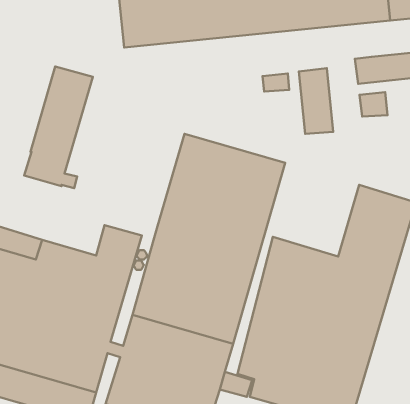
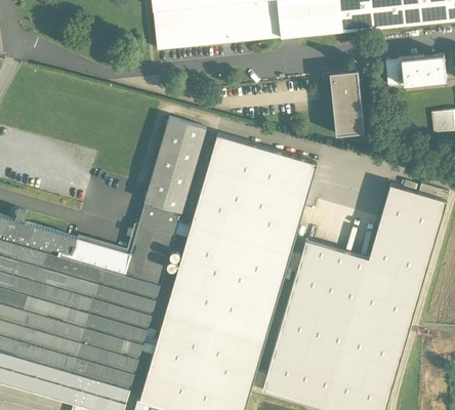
building: [24,66,93,188] -> [138,117,206,237]
building: [263,74,289,91] -> none
building: [360,92,388,117] -> none

